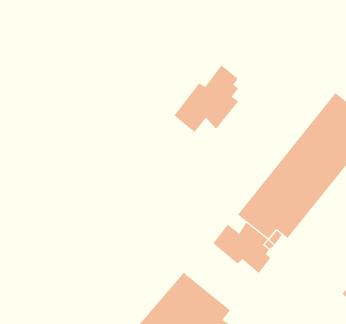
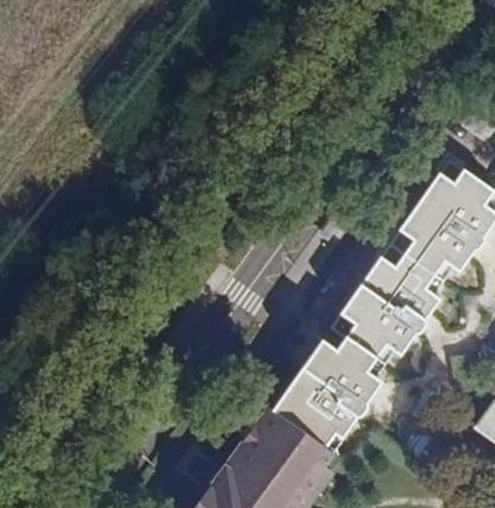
building: [173,65,239,133] -> none
building: none -> [271,368,365,447]

